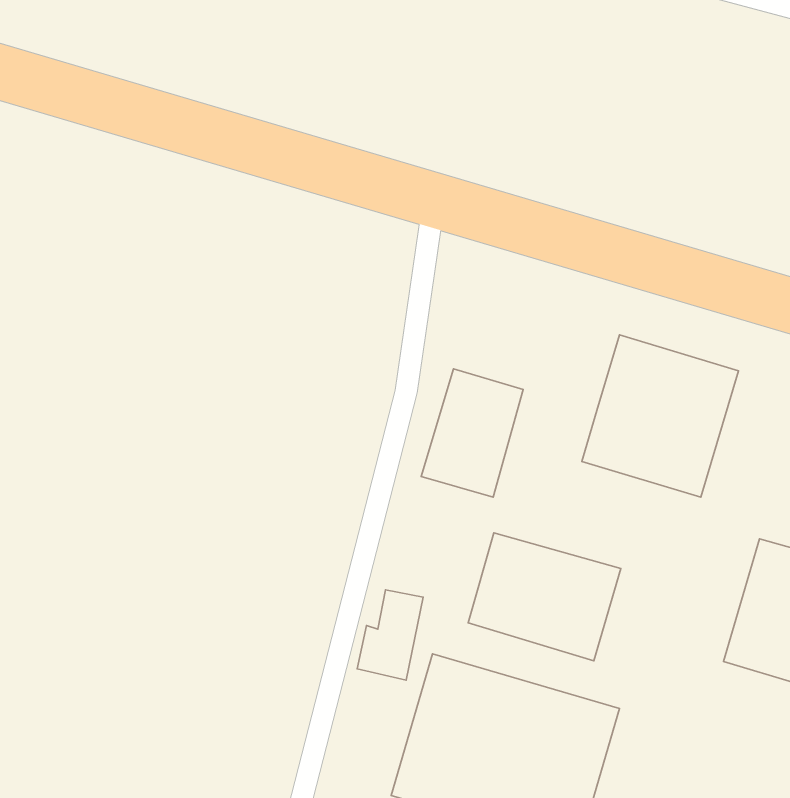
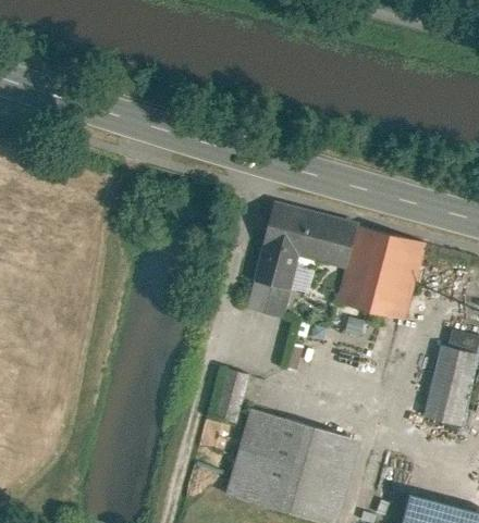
building: none -> [262,202,358,270]
building: [468,533,621,661] -> none

